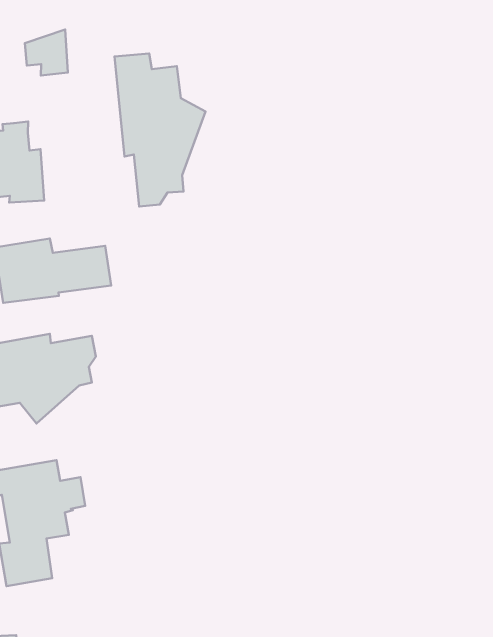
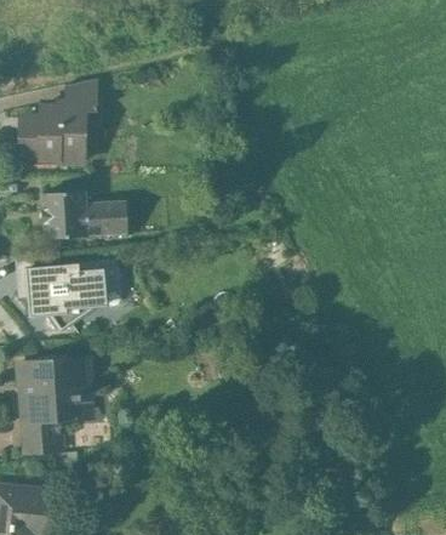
building: [25,29,68,75] -> [65,78,97,110]
building: [114,54,205,207] -> none

